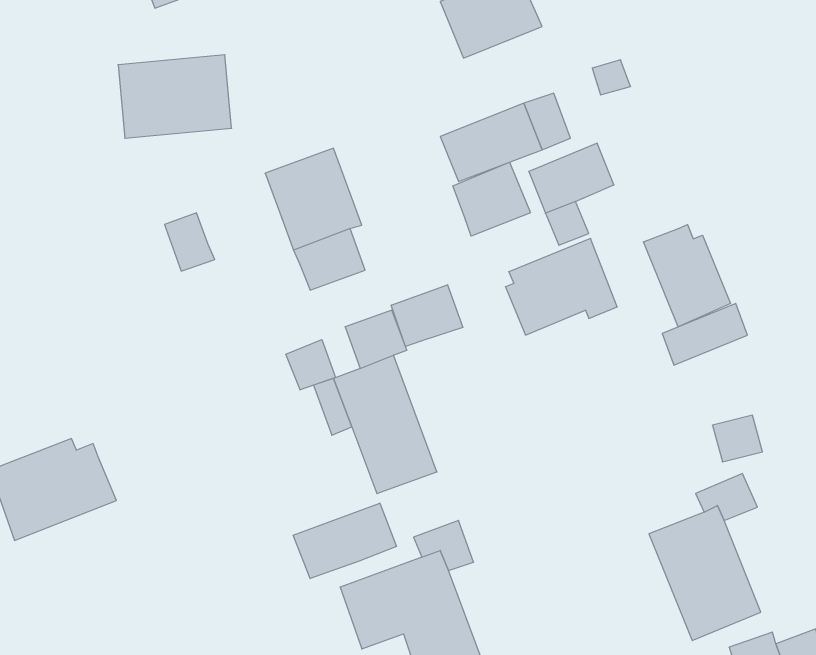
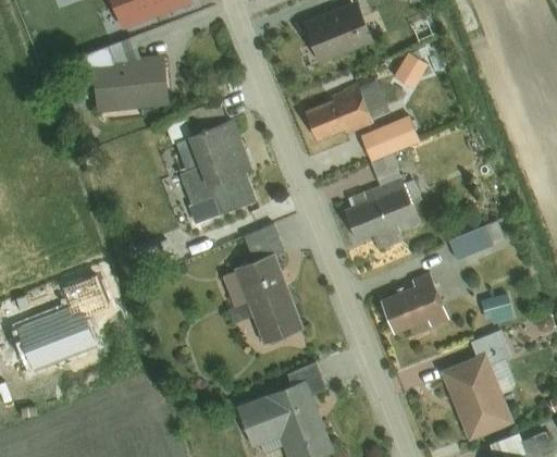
building: [453,162,530,236] -> none
building: [165,213,215,271] -> [181,165,213,203]
building: [643,225,731,327] -> none
building: [391,285,463,347] -> none
building: [286,340,336,390] -> none
building: none -> [380,273,449,335]
building: none -> [58,279,106,321]
building: [293,503,397,579] -> none

